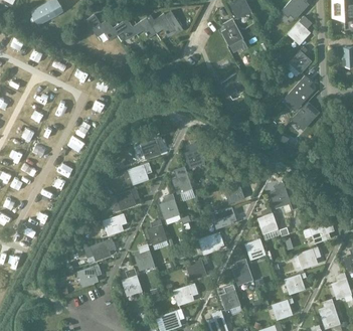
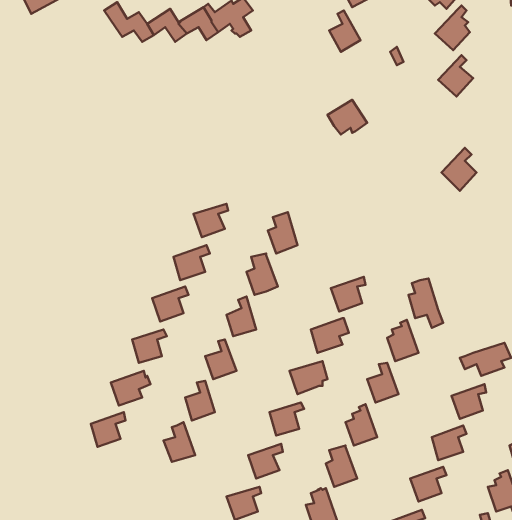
building: [283,75,312,111] -> none

